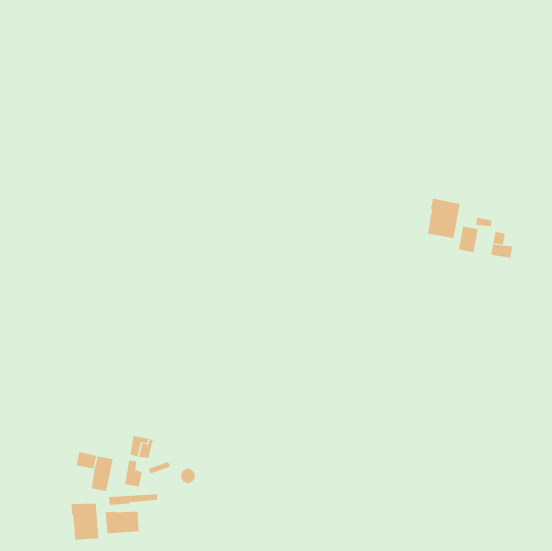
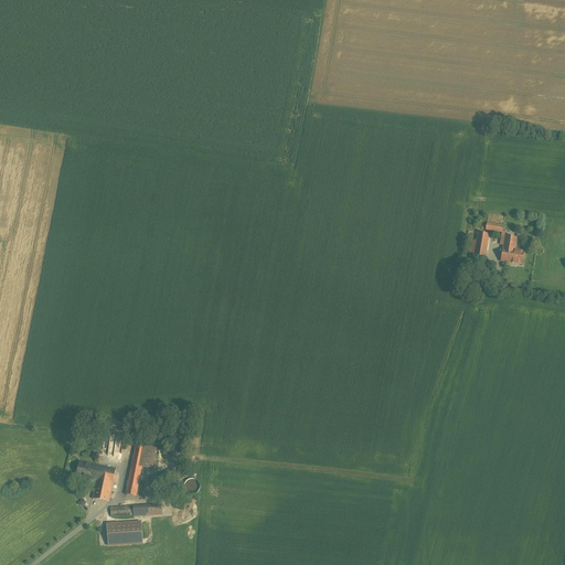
building: [428,198,460,239] -> none
building: [71,503,99,541] -> none

